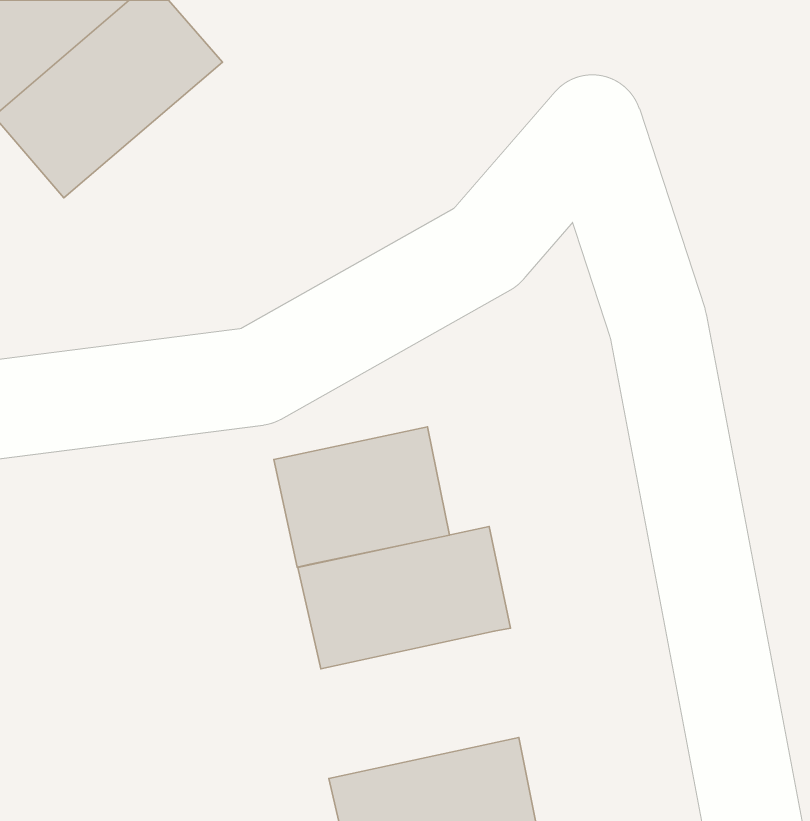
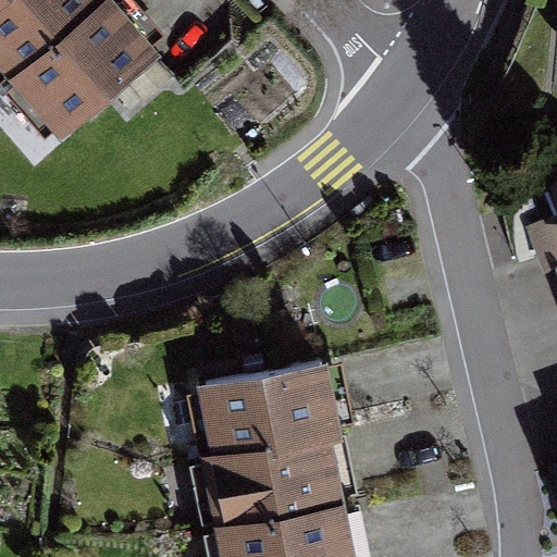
building: [274,427,449,567] -> none
building: none -> [203,430,345,528]

